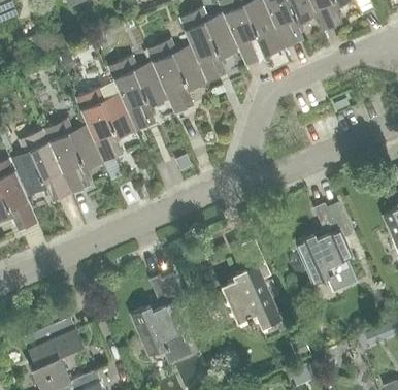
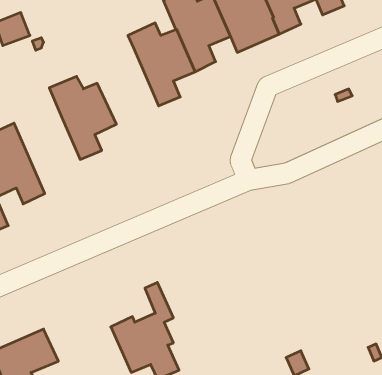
building: [107,56,168,131] -> none
building: [43,119,103,194] -> none
building: [295,202,357,290] -> none
building: [219,239,284,339] -> none

